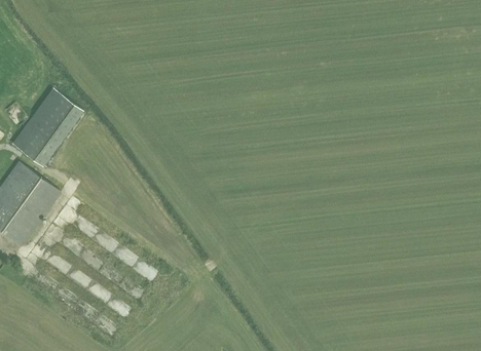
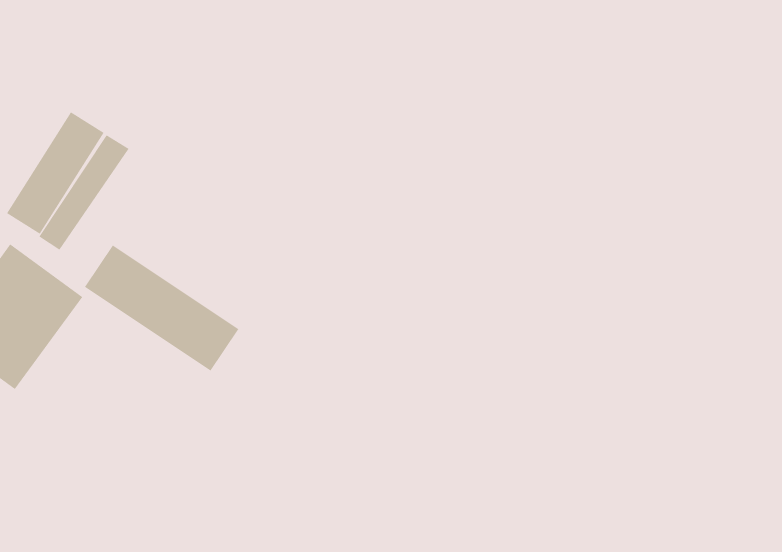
building: none -> [84,244,239,372]

